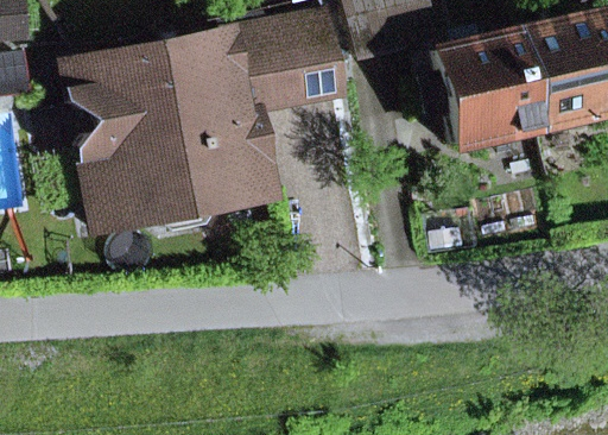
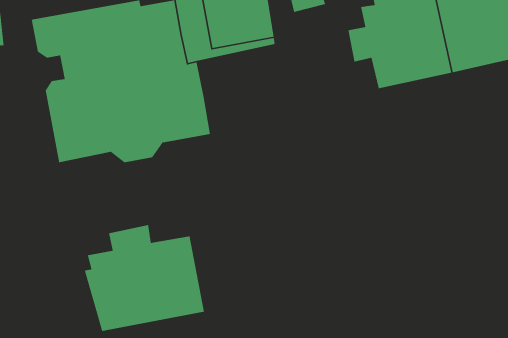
building: none -> [84,224,205,332]

